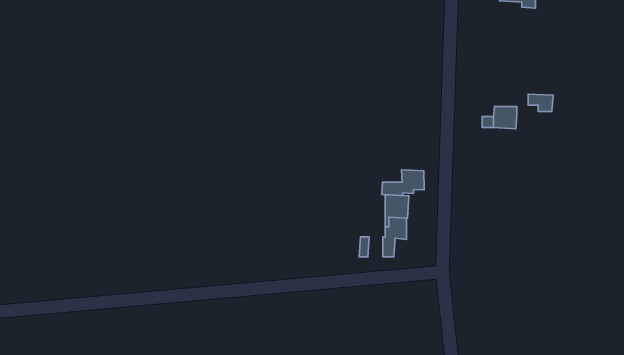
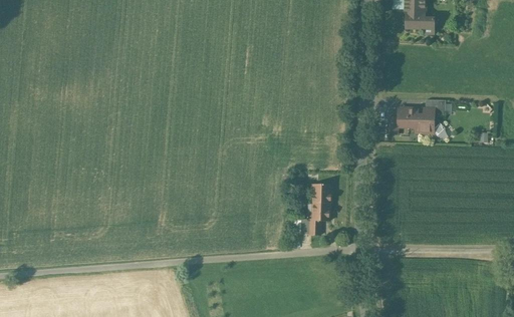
building: none -> [418,110,447,137]
building: [382,170,424,196] -> none

